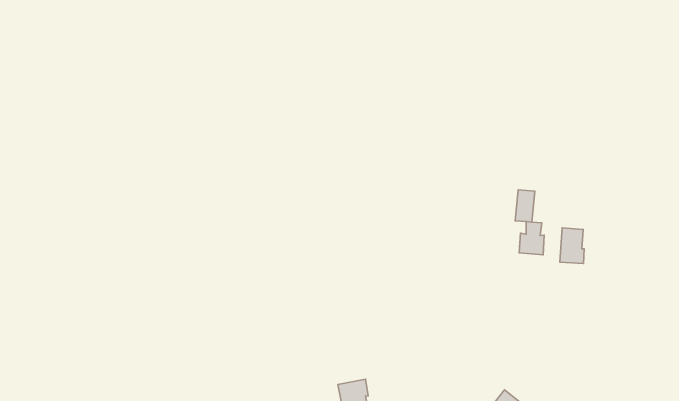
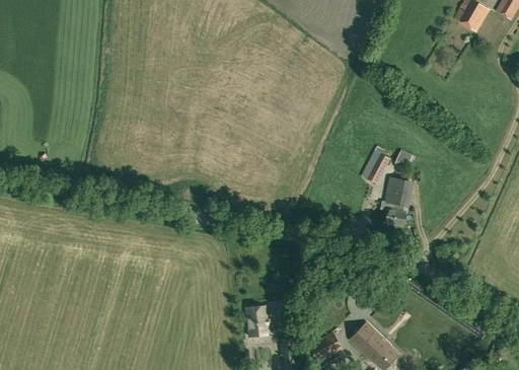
building: none -> [361,150,391,184]
building: [560,228,584,263] -> none

